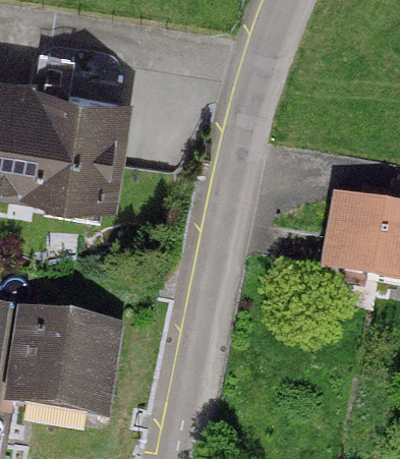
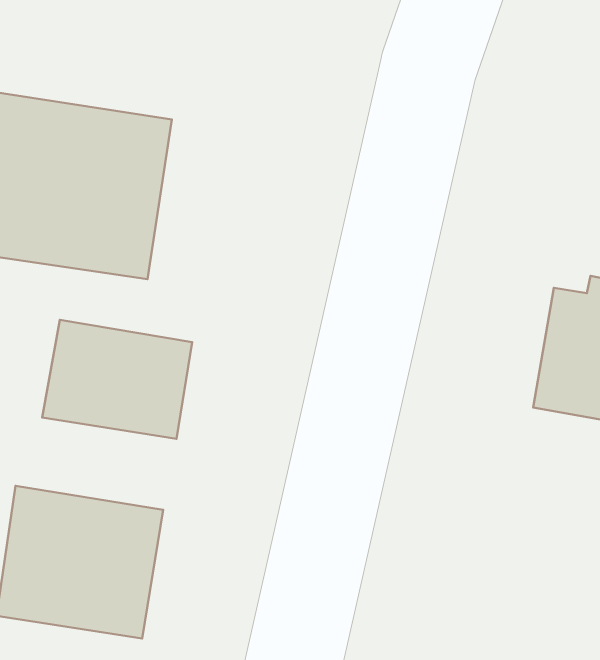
building: none -> [42,320,192,439]

